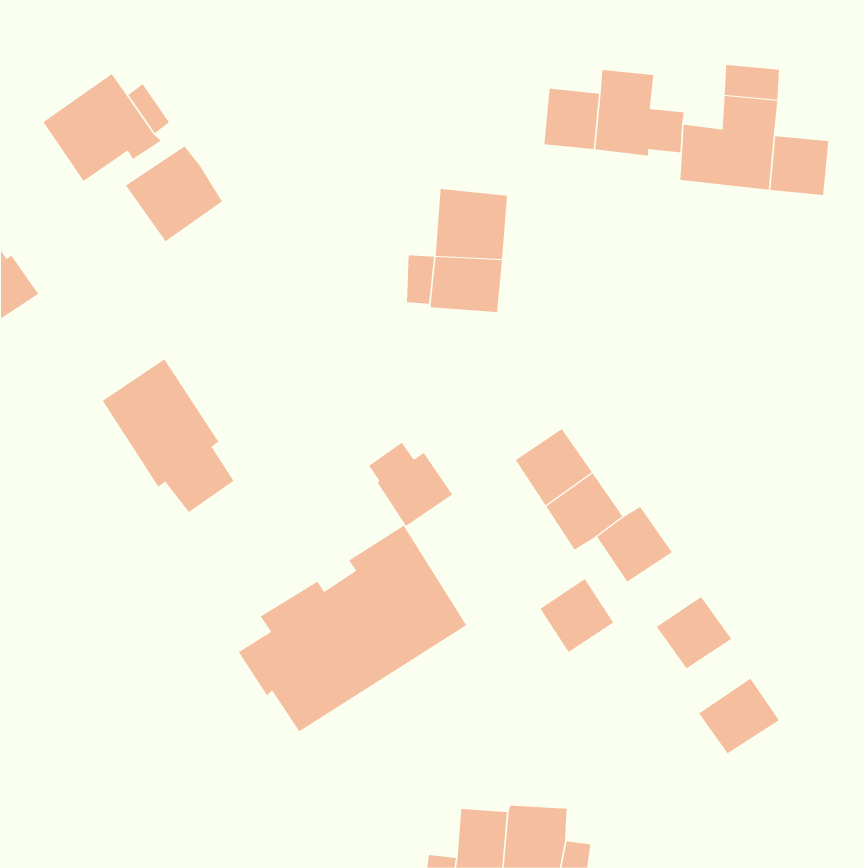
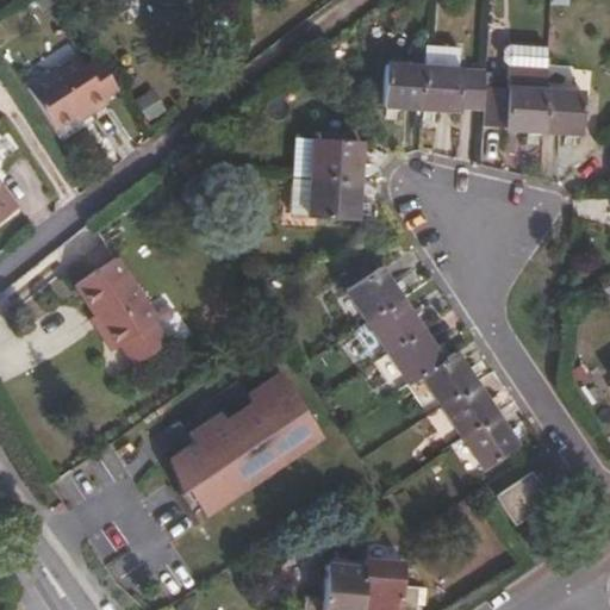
building: [125,146,223,242] -> none
building: [368,442,453,527] -> [338,263,398,323]
building: [539,578,614,653] -> [443,387,496,440]

